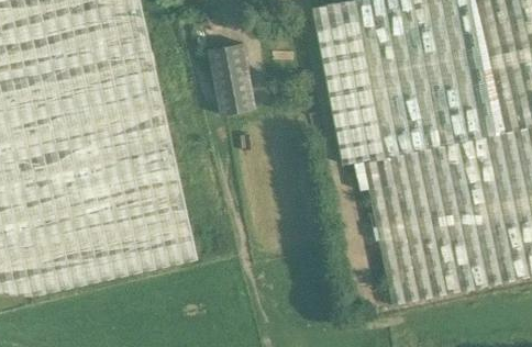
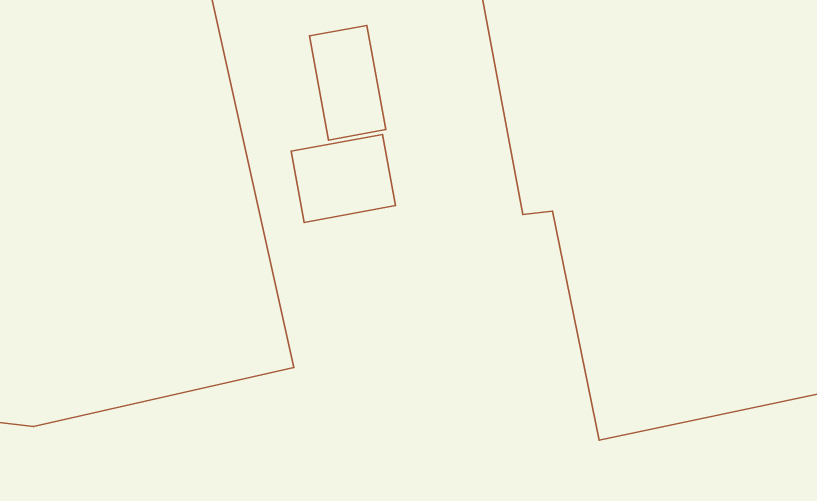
building: none -> [291,135,396,222]

